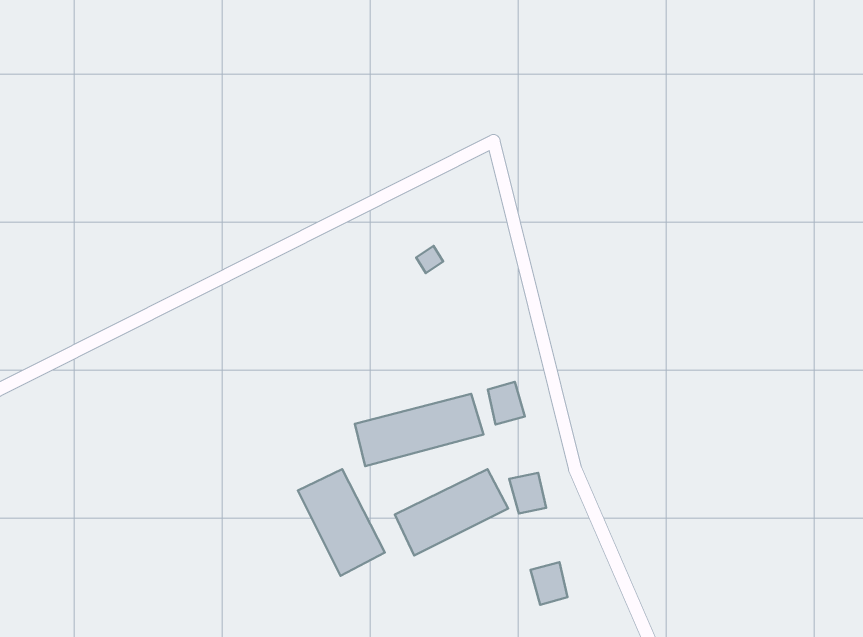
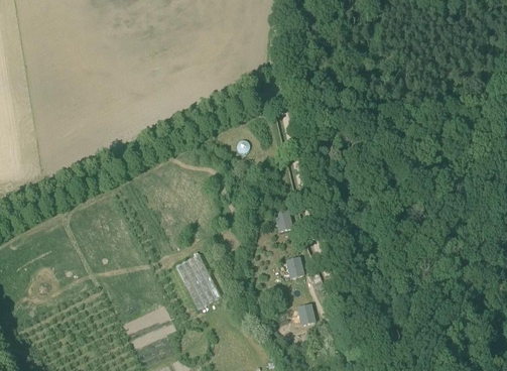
building: [355,394,483,466] -> none
building: [395,469,508,555] -> none

